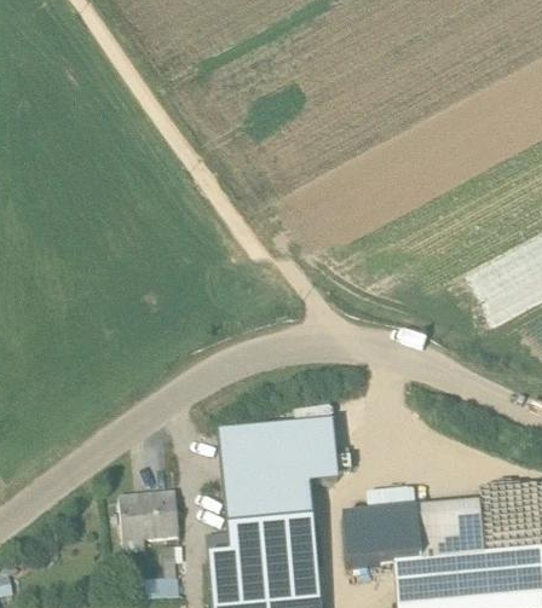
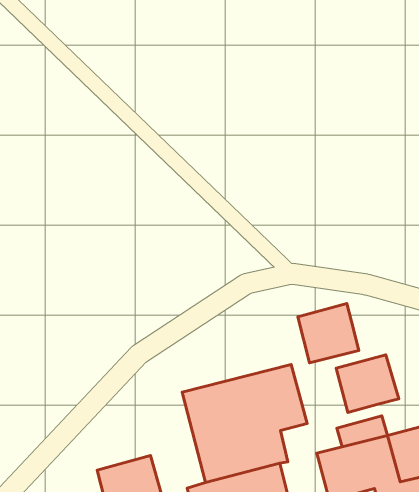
building: none -> [298,303,359,363]
building: none -> [336,355,399,413]

